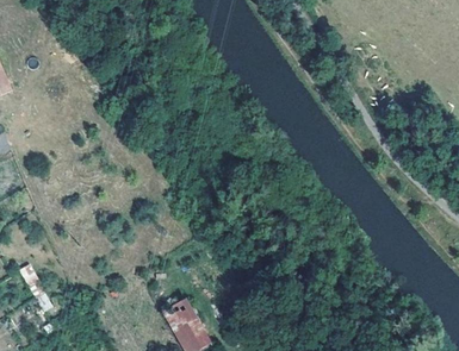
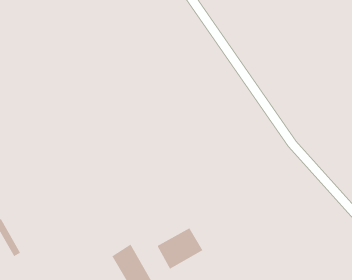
building: none -> [156,227,203,270]

